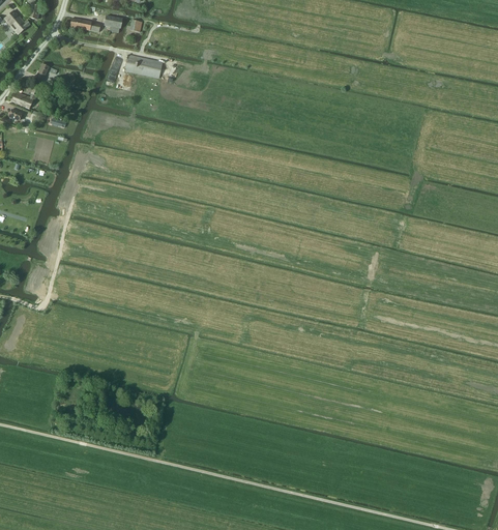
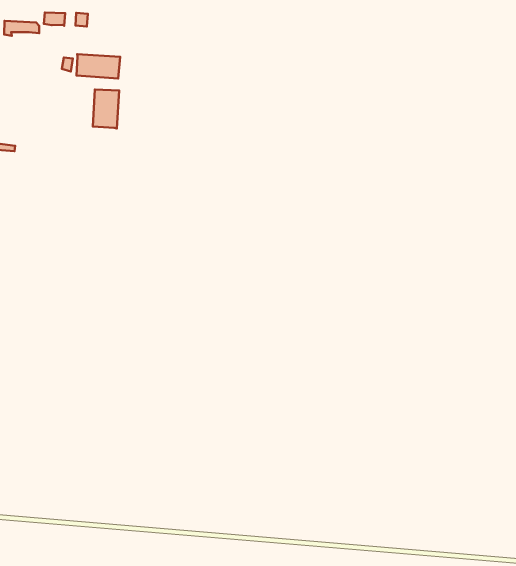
building: none -> [93,89,119,129]

